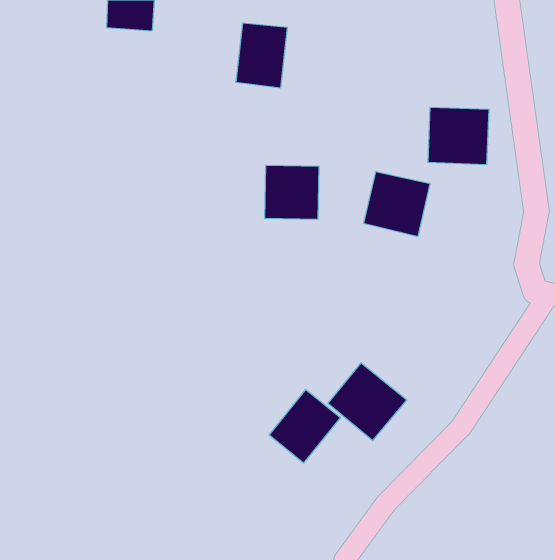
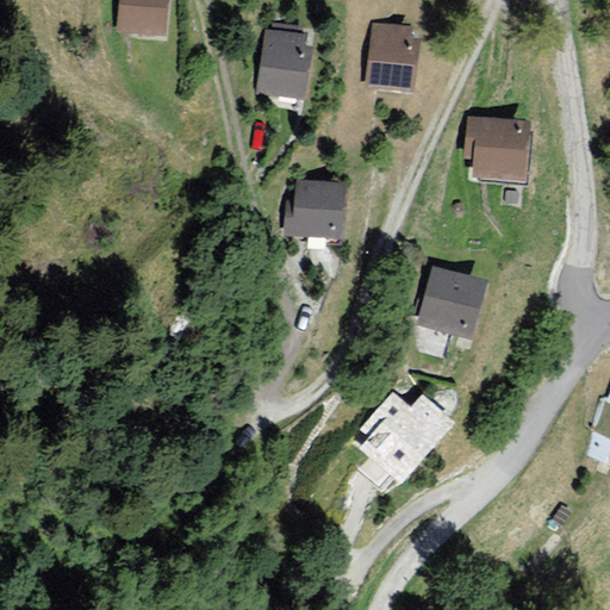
building: none -> [365,24,419,88]
building: [363,172,430,236] -> [419,267,492,337]
building: [269,389,340,463] -> none

